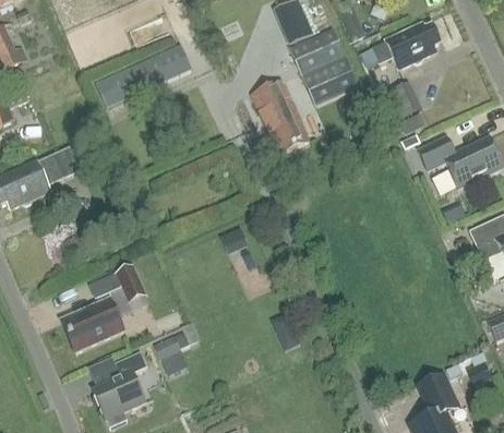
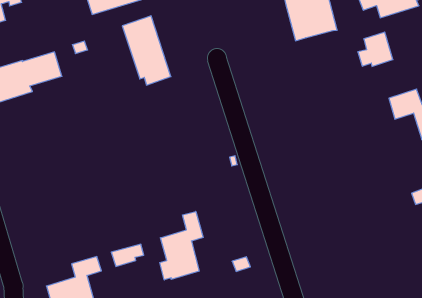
building: [252,79,309,151] -> [122,16,171,85]
building: [89,263,147,302] -> none
building: none -> [160,211,203,280]
building: [61,298,123,351] -> none

